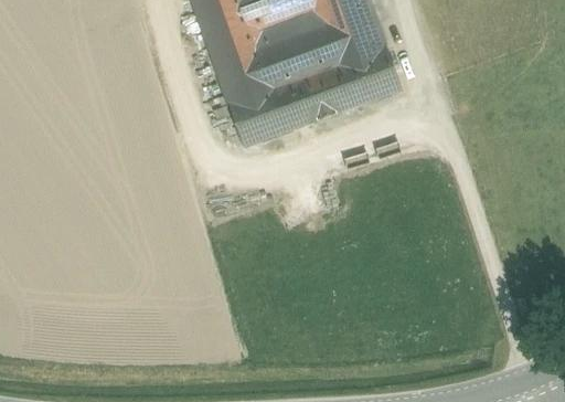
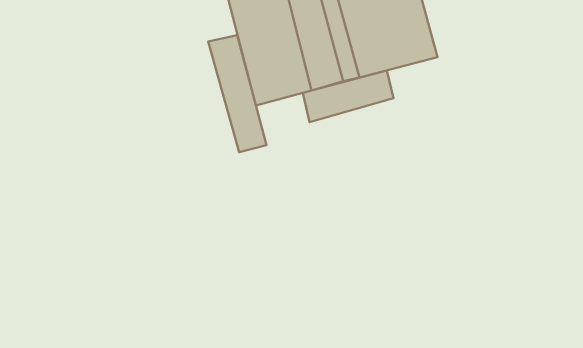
building: none -> [208,35,267,152]
building: none -> [303,71,394,122]

